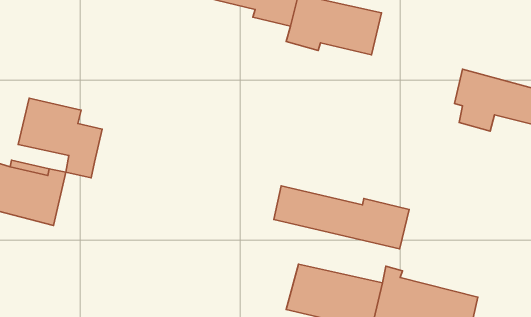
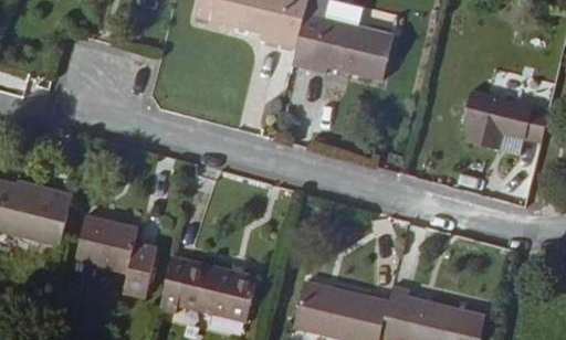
building: [18,98,102,178] -> [75,213,159,293]
building: [274,186,409,249] -> none
building: none -> [161,257,256,325]

